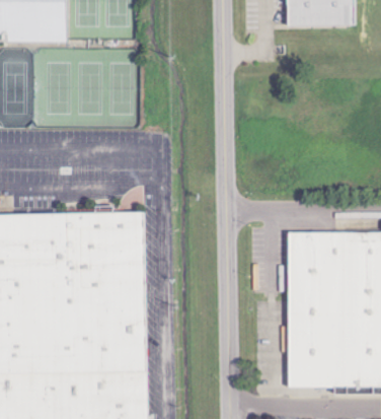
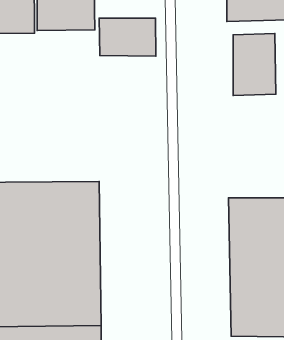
building: none -> [99,18,156,56]
building: none -> [233,34,276,95]

